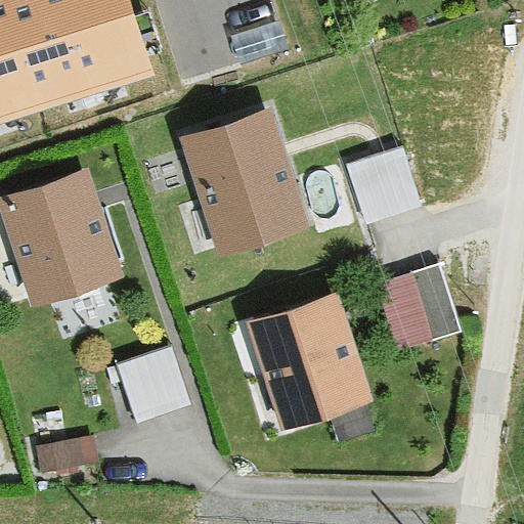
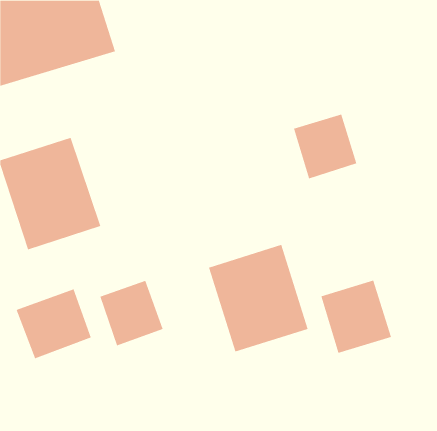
building: [182,115,305,255] -> none
building: [380,260,465,348] -> [321,280,392,354]
building: none -> [16,289,92,359]

